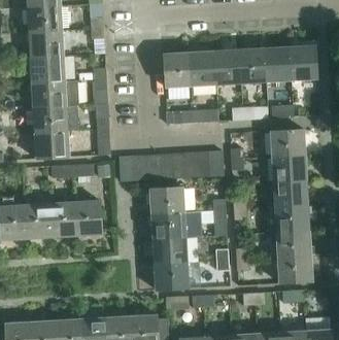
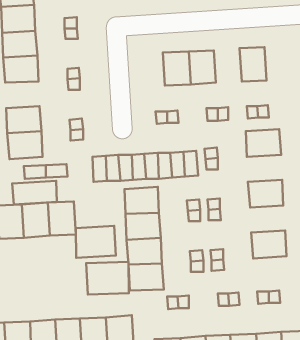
building: [290,45,317,80] -> none
building: [239,48,267,82] -> none
building: [164,53,191,88] -> none
building: [32,80,78,108] -> none
building: [272,155,307,181] -> none
building: none -> [12,181,57,204]
building: [275,205,310,232] -> none
building: none -> [76,226,116,258]
building: [278,256,313,282] -> none
building: none -> [86,262,129,294]

